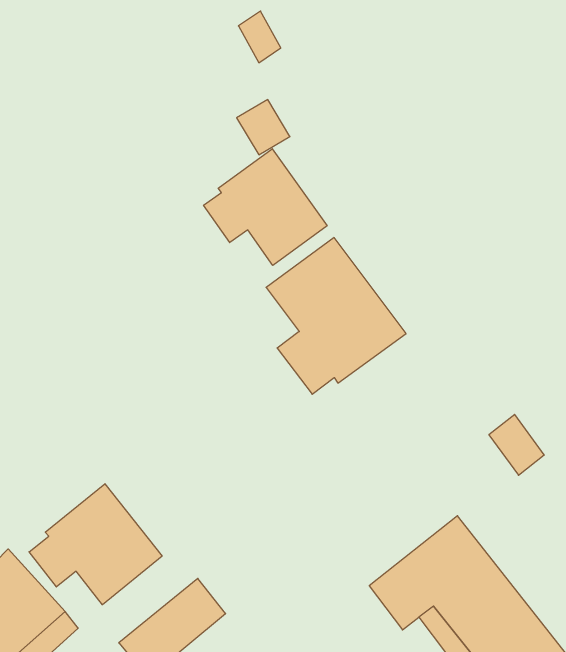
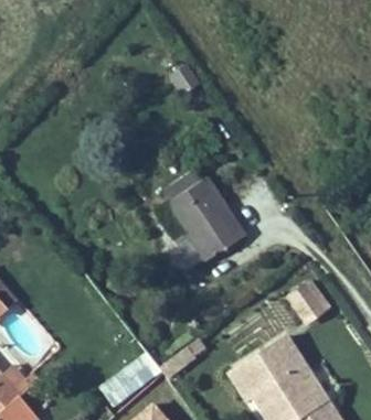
building: [204,149,327,265] -> none
building: [29,484,162,605] -> none

